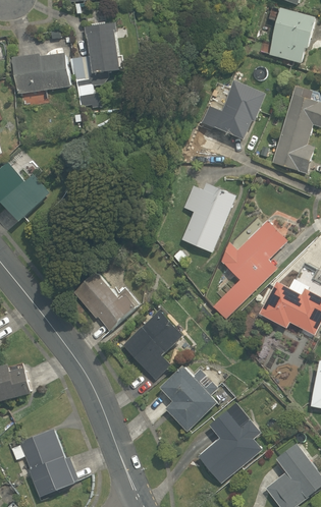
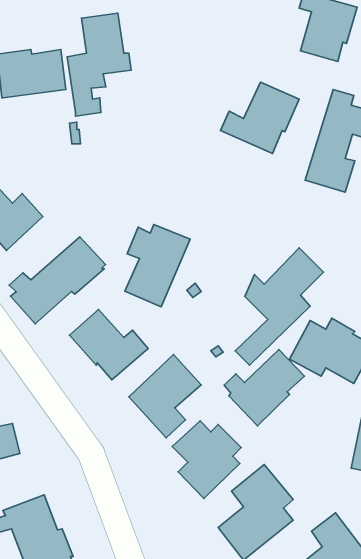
building: [180,183,235,252] -> [125,225,190,307]
building: none -> [9,237,106,324]
building: none -> [224,349,305,426]

